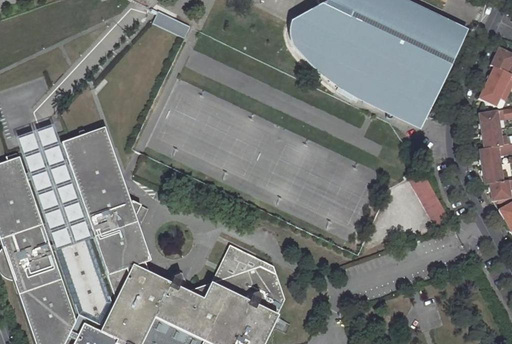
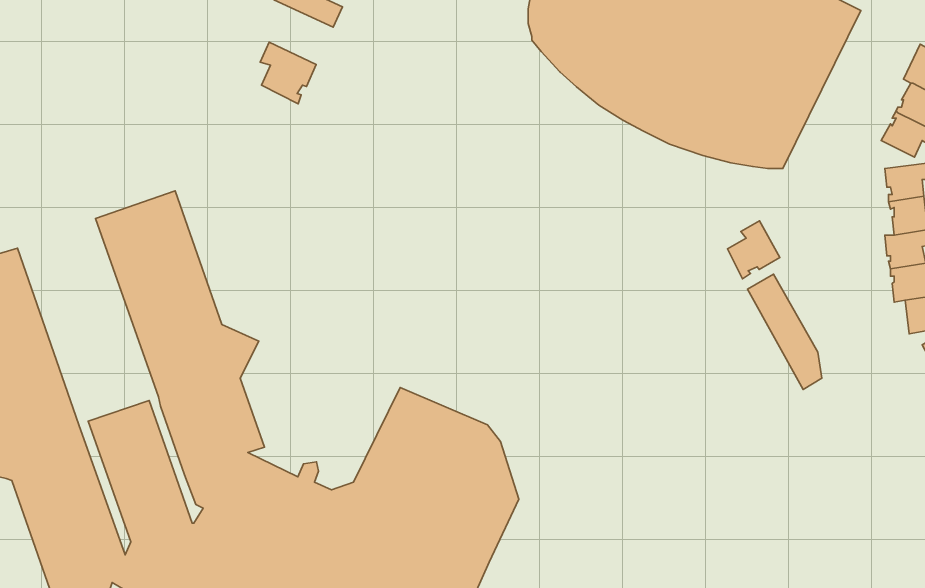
building: none -> [260,42,316,104]
building: [14,124,91,250] -> none
building: none -> [728,221,780,279]

